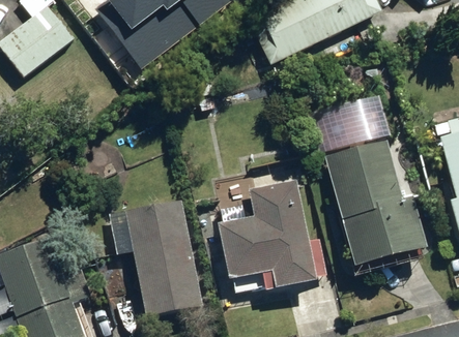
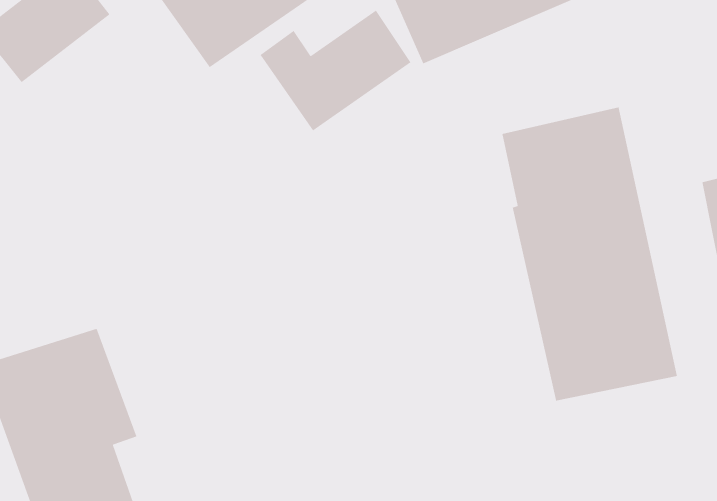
building: none -> [260,9,412,132]
building: [214,184,313,290] -> none
building: [106,201,201,319] -> none

